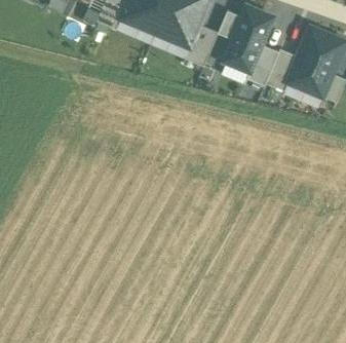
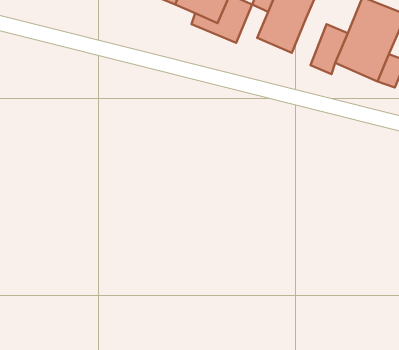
building: [247,45,278,86] -> none

